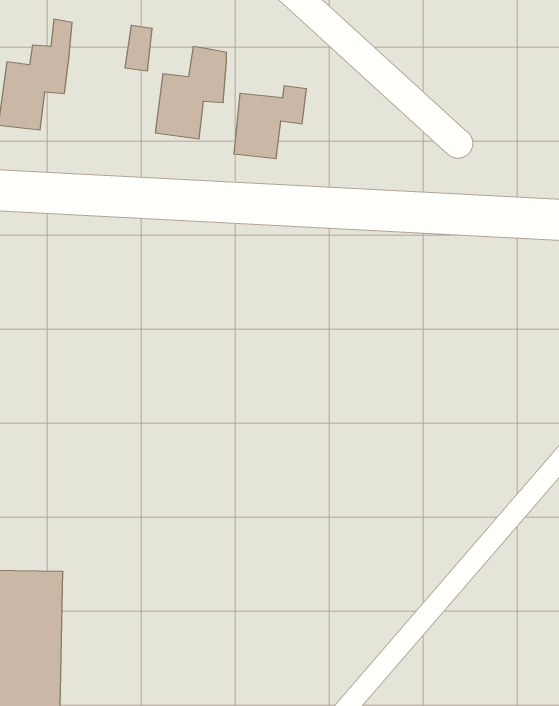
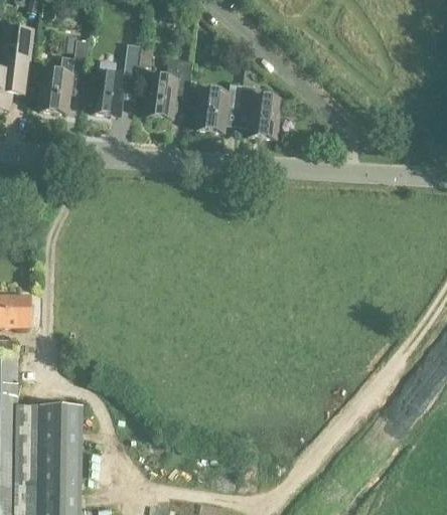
building: none -> [92,71,126,116]
building: none -> [242,85,281,138]

